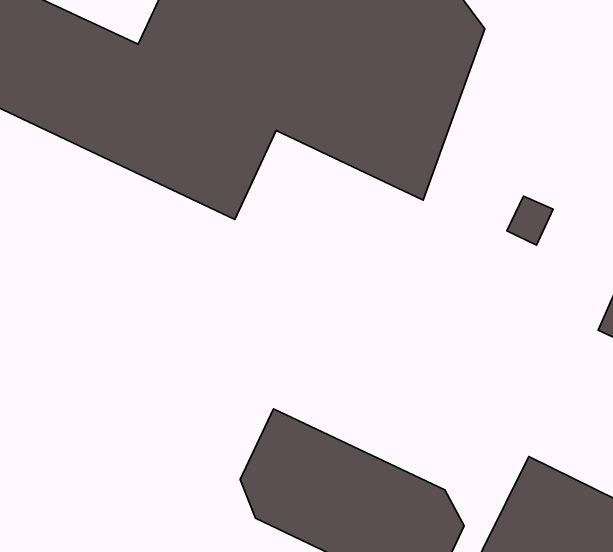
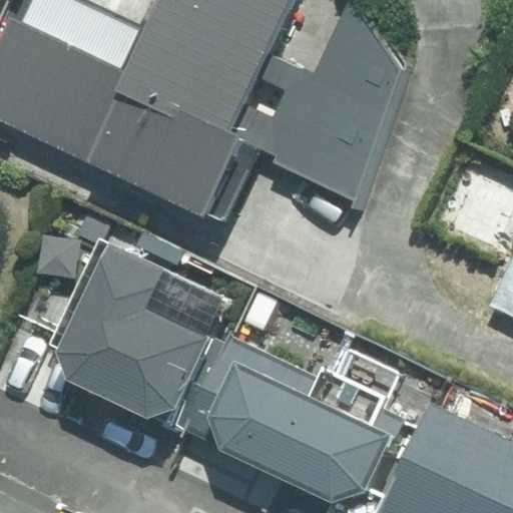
building: none -> [63,246,210,417]

